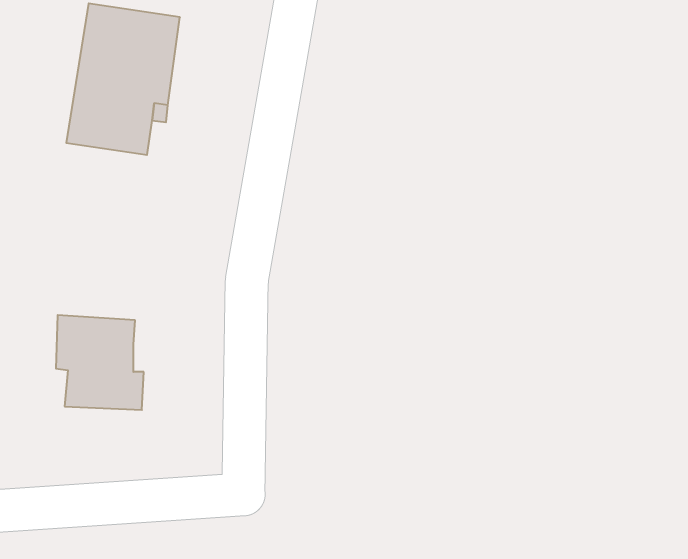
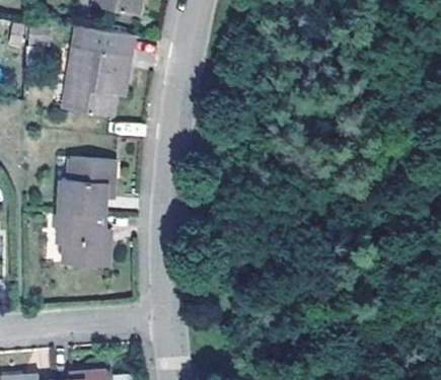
building: none -> [58,157,115,213]

